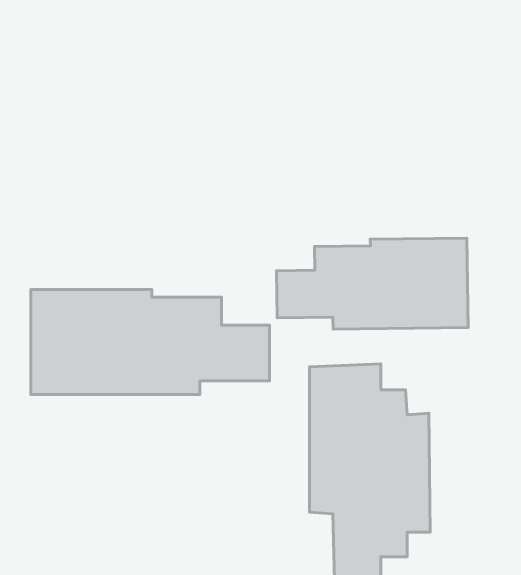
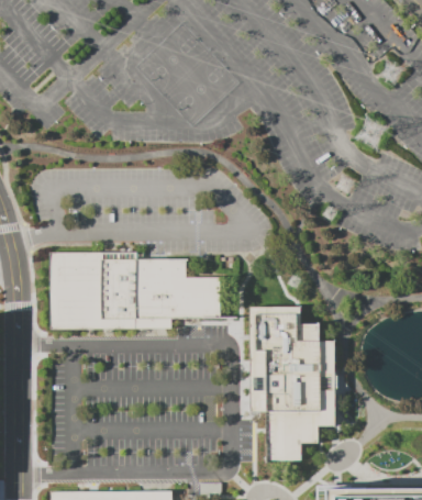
building: [277,238,468,329] -> none

